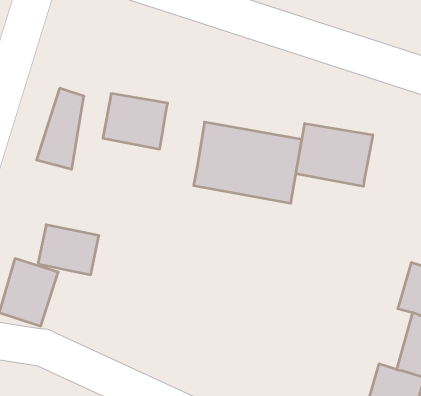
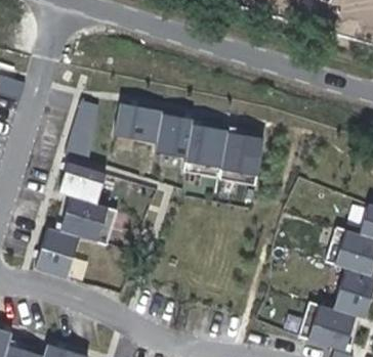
building: none -> [154,113,190,155]
building: [296,123,373,186] -> none
building: none -> [56,162,102,203]

